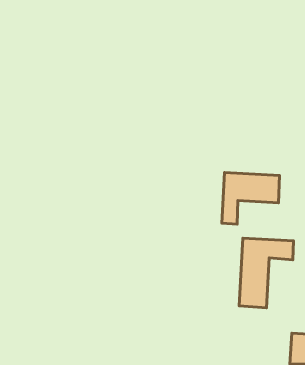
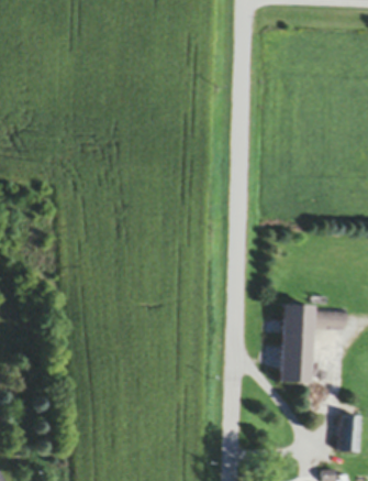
building: [222,172,280,224] -> none

